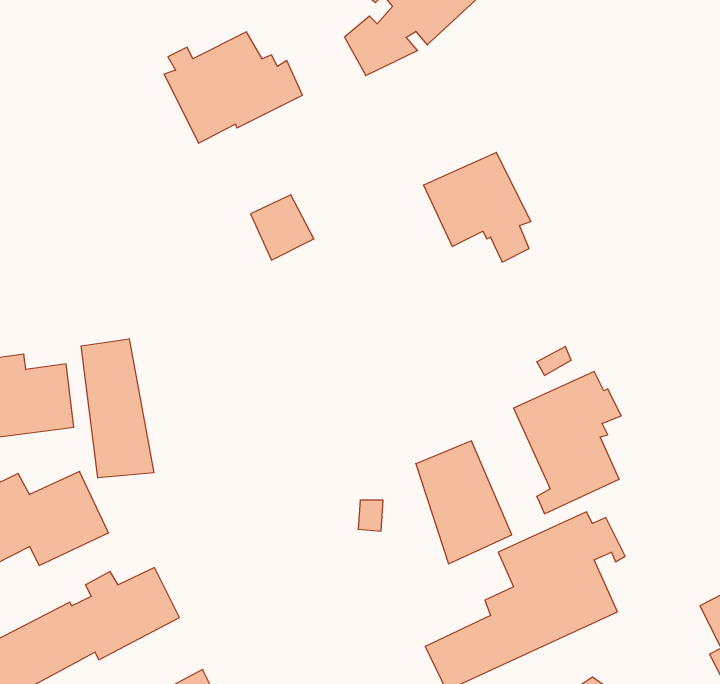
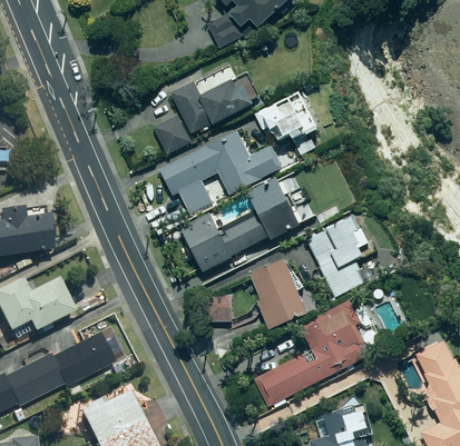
building: [164,32,302,143] -> [172,69,252,133]
building: none -> [162,132,296,214]
building: none -> [179,178,313,274]
building: [81,339,154,478] -> none

